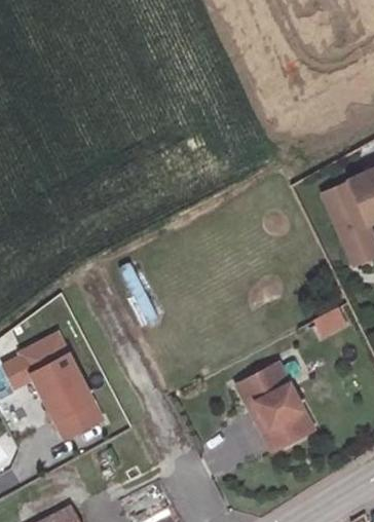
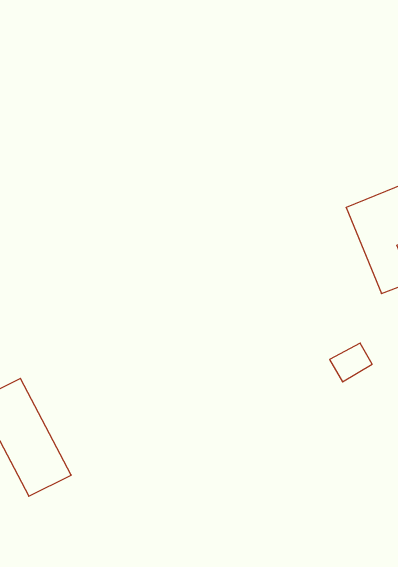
building: [232,363,311,451] -> none

